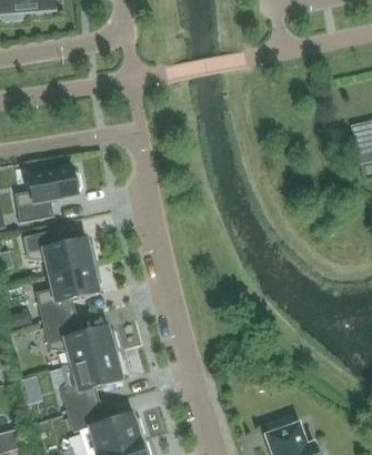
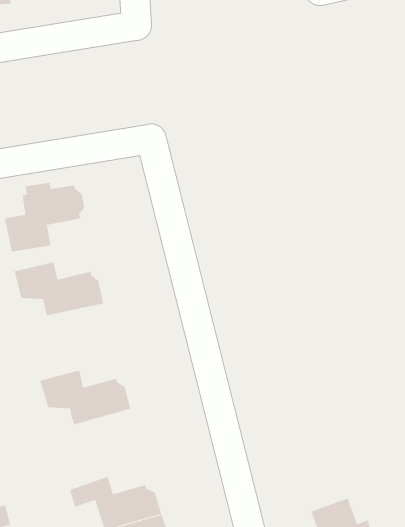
building: [36,264,101,320] -> none
building: [60,351,124,410] -> none

